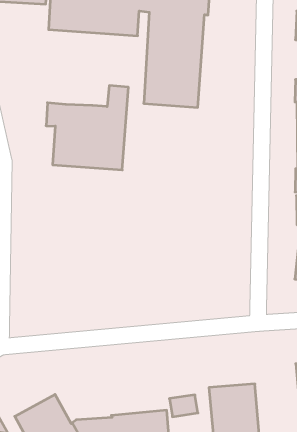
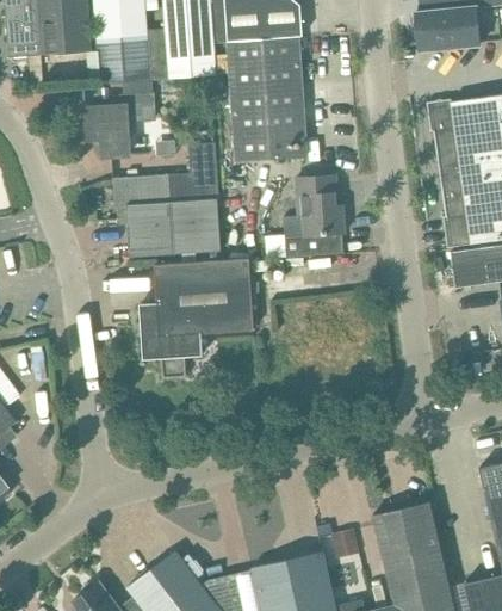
building: none -> [86,91,157,156]
building: none -> [284,177,345,258]
building: none -> [140,259,254,378]

